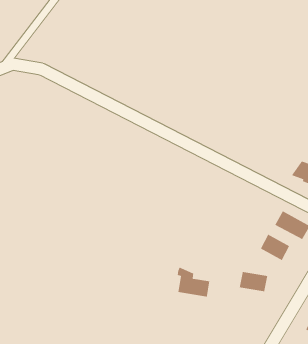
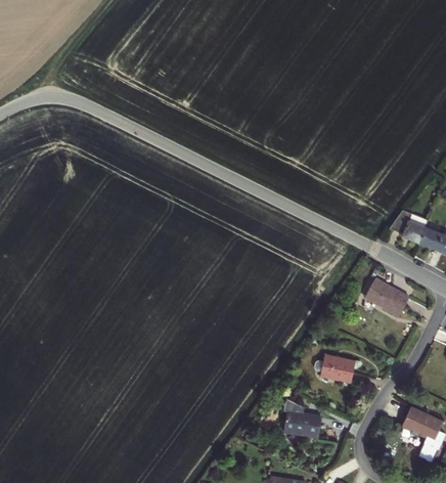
building: [260,233,290,261] -> none
building: [177,266,210,297] -> [282,397,323,435]

